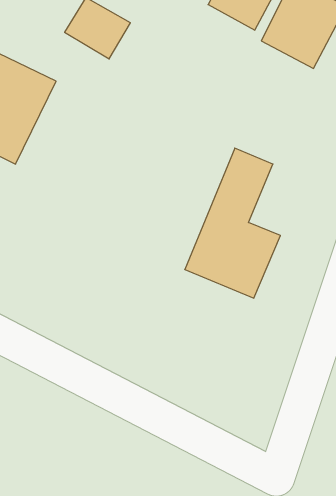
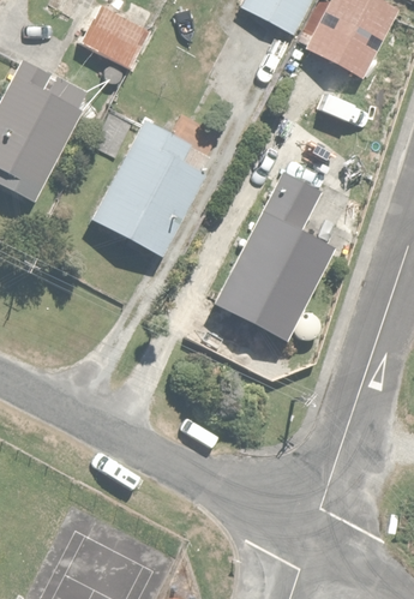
building: none -> [92,130,206,256]

